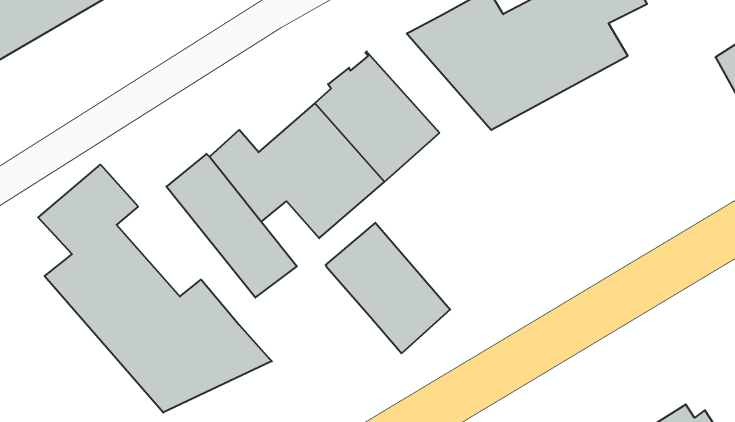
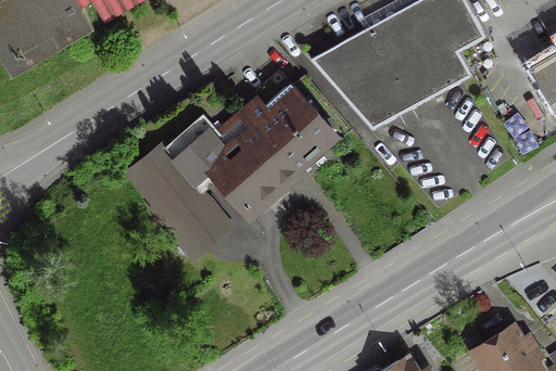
building: [38,165,272,413] -> none
building: [326,223,450,353] -> none

